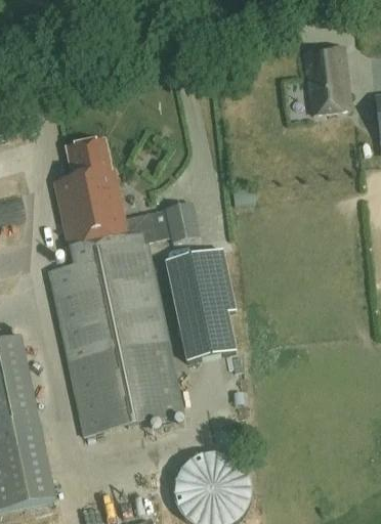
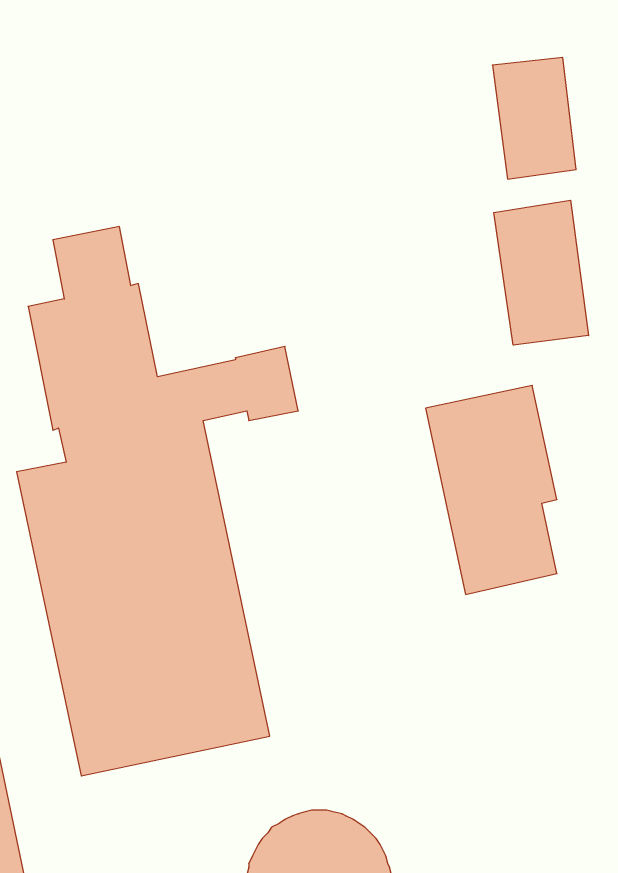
building: none -> [494,200,589,345]
building: [165,248,236,360] -> [426,385,557,594]

